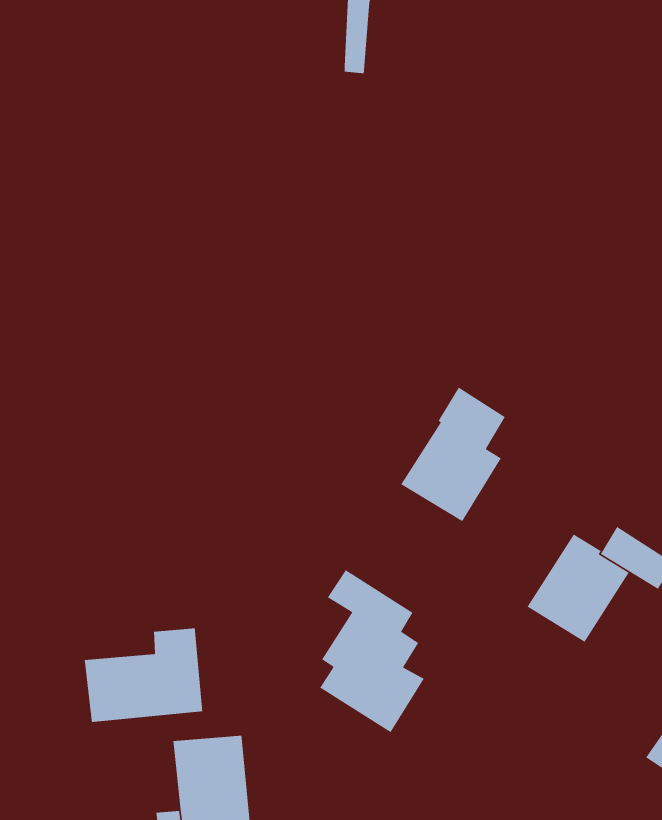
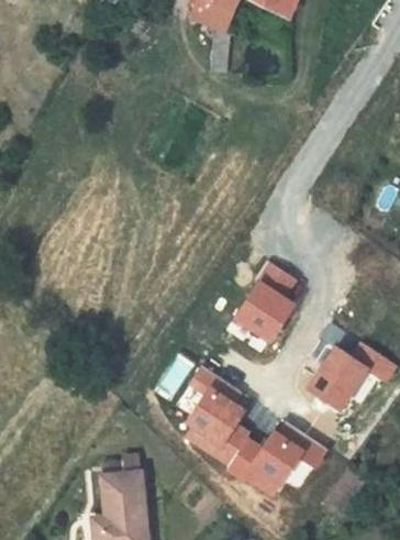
building: [84,628,203,723] -> none
building: none -> [230,419,323,493]

